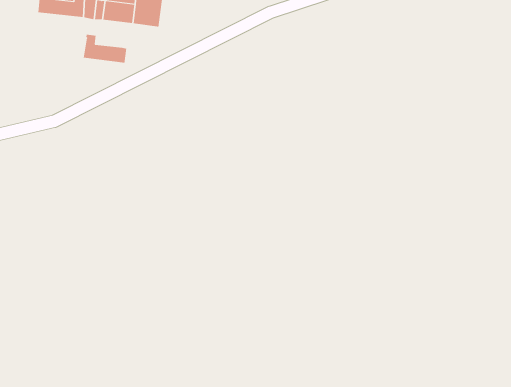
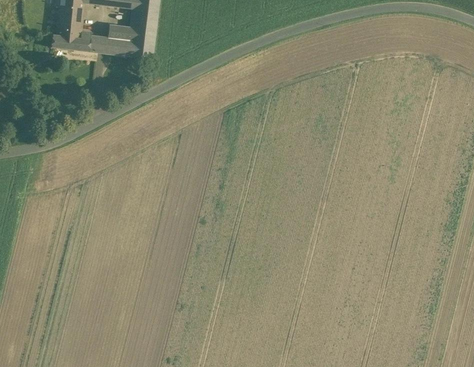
building: [83,34,127,64] -> none

